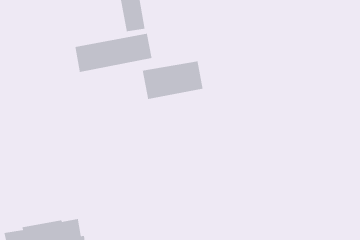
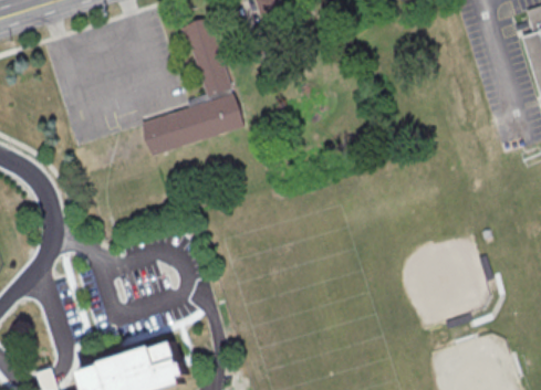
building: [142,61,204,100] -> none

